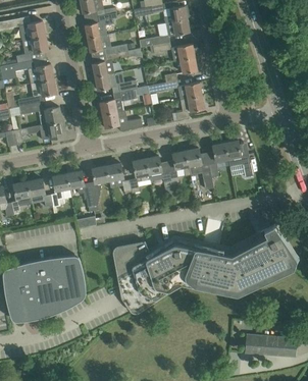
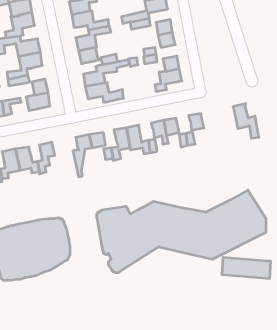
building: [224,141,252,177] -> [233,104,259,138]
building: [65,171,94,212] -> none
building: [244,334,296,357] -> [222,257,271,278]

